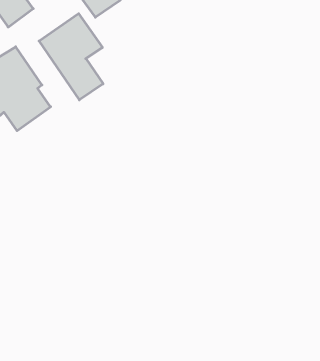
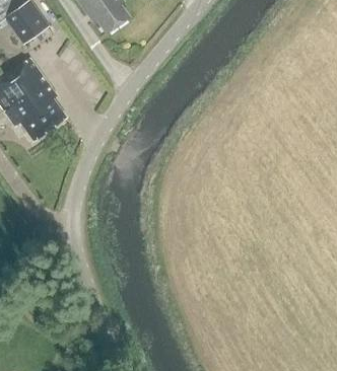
building: [39,14,103,100] -> none

